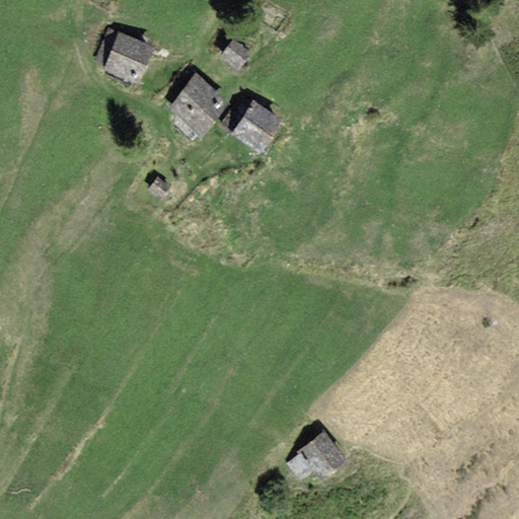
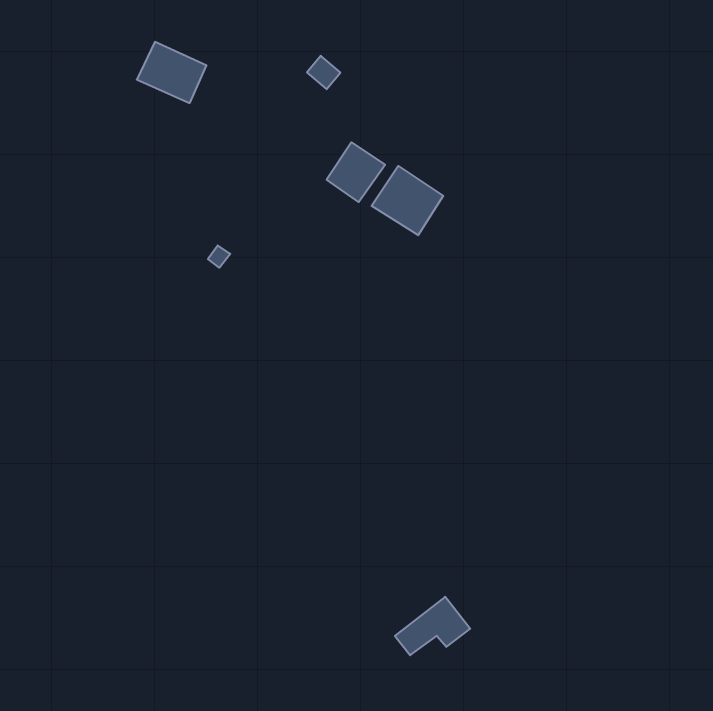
building: [172,78,225,131] -> none
building: none -> [372,166,443,235]

